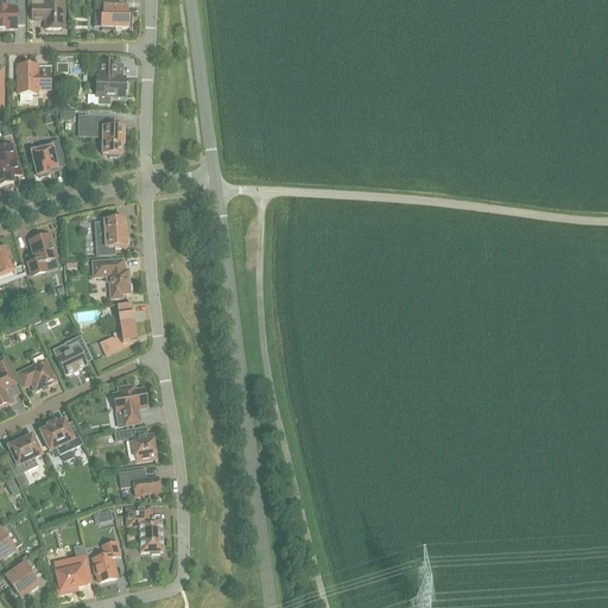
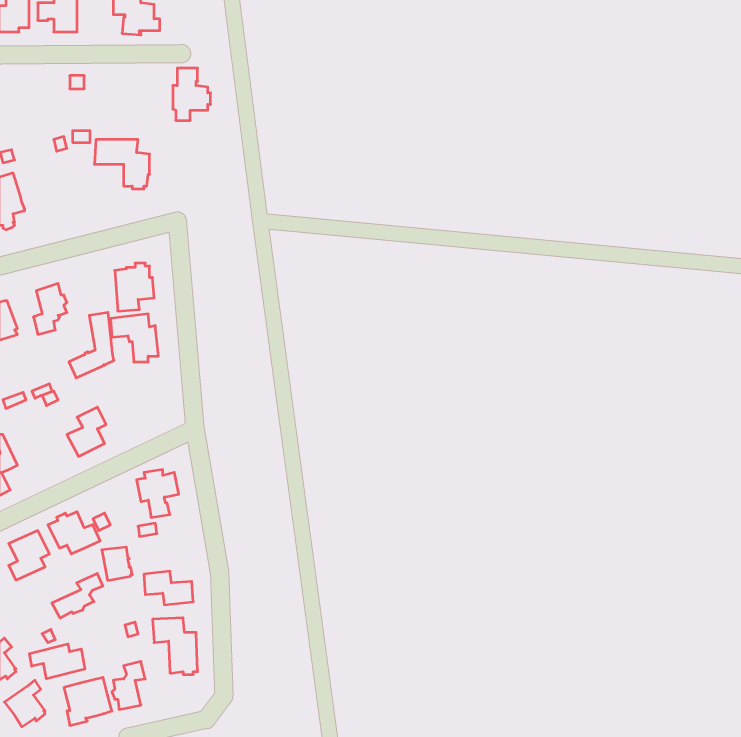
building: [95,59,126,102] -> [173,68,211,120]
building: [17,63,49,91] -> none
building: [30,138,62,175] -> none
building: [99,300,135,354] -> [69,312,114,378]
building: [17,357,55,388] -> none
building: [131,432,156,460] -> [102,547,132,580]
building: none -> [52,573,103,618]
building: none -> [29,644,85,679]

